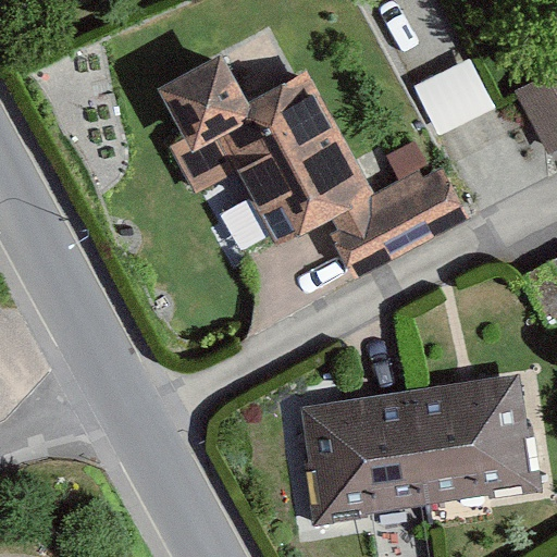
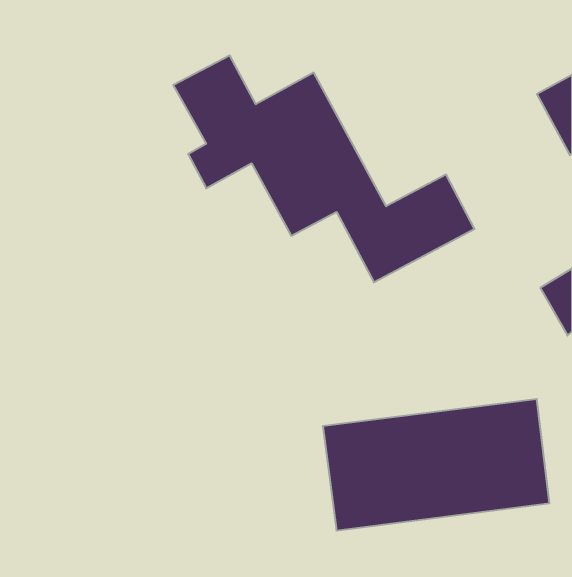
building: [407,58,490,137] -> none

